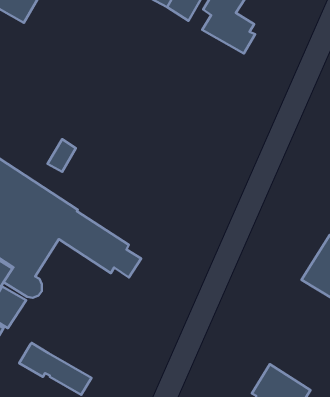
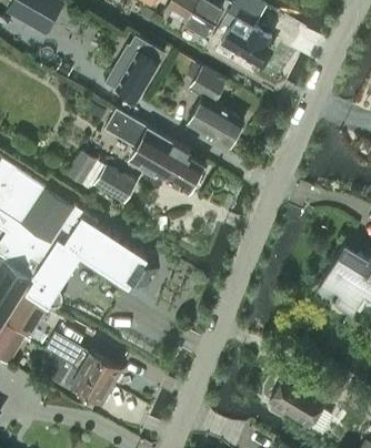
building: none -> [104,37,164,101]
building: none -> [187,69,243,149]
building: none -> [104,109,203,192]
building: none -> [93,166,137,203]
building: none -> [46,333,121,387]

